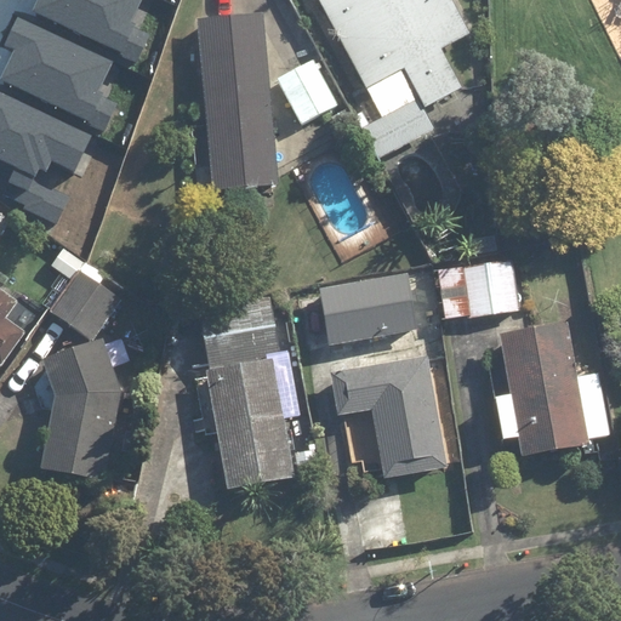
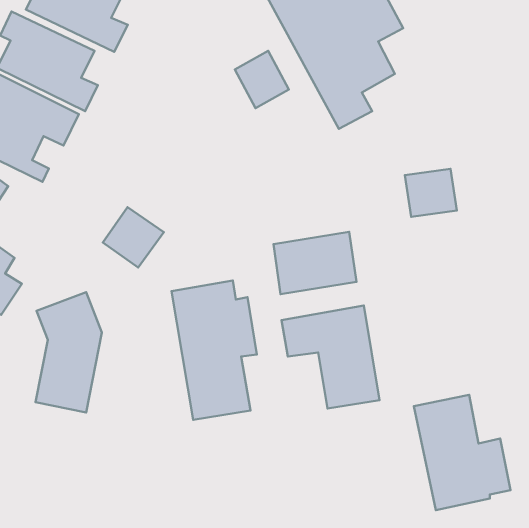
building: [196,13,274,192] -> none
building: [461,260,522,315] -> [405,169,457,217]
building: [50,270,121,341] -> [103,207,164,267]
building: [497,321,610,456] -> [414,395,511,510]

